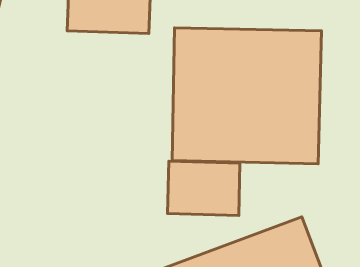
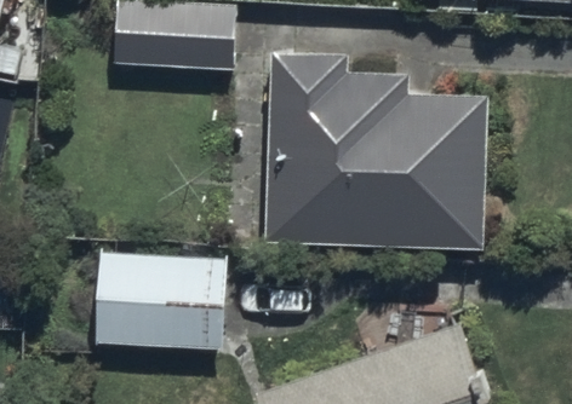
building: none -> [92,235,223,337]
building: [168,161,240,215] -> none

